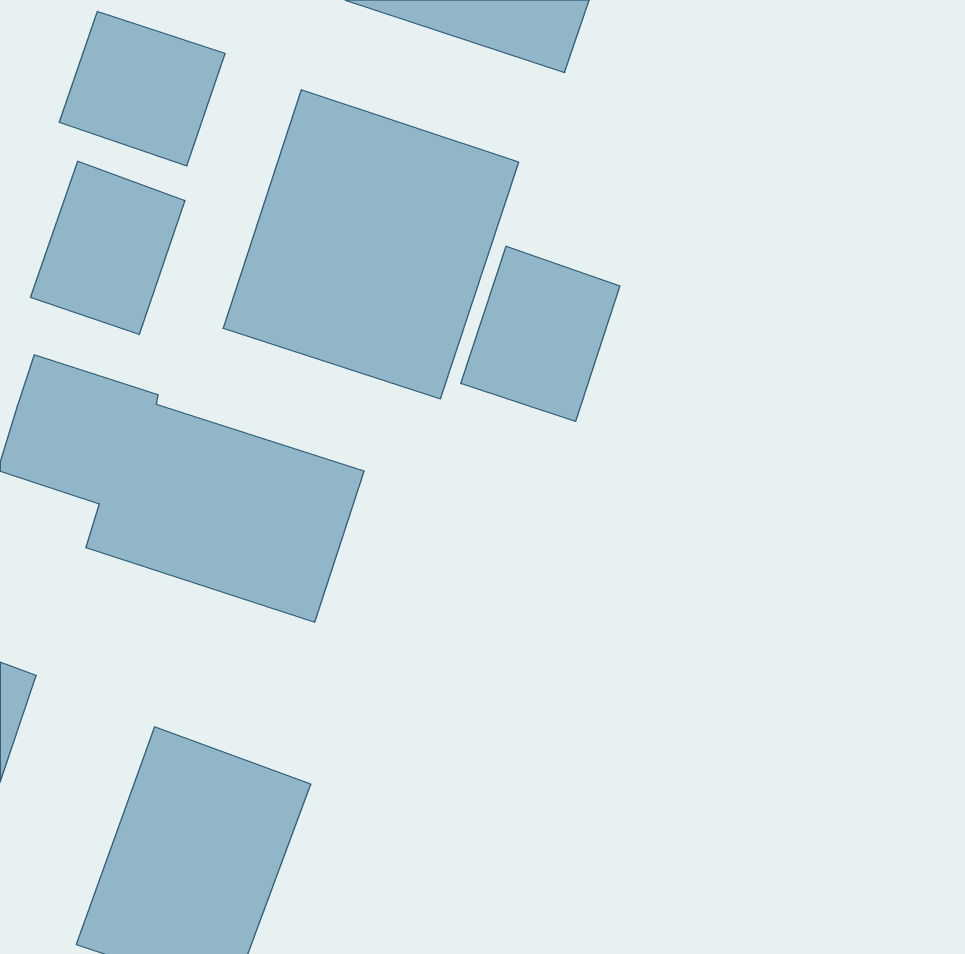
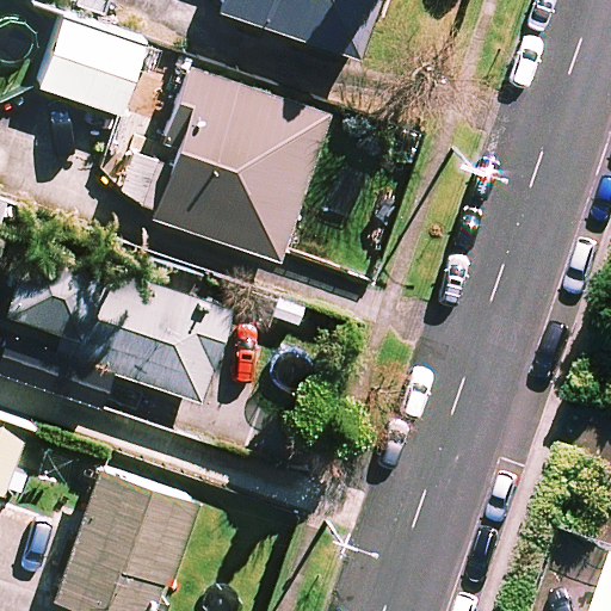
building: [31,161,185,335] -> none
building: [461,246,620,421] -> none

